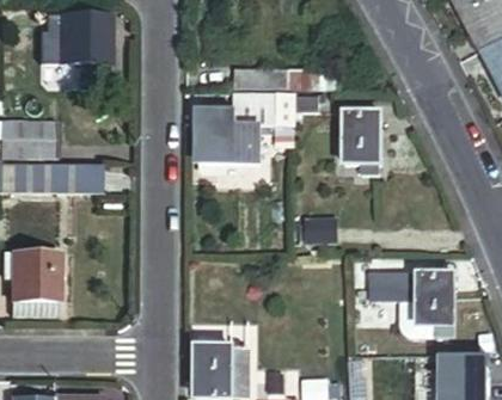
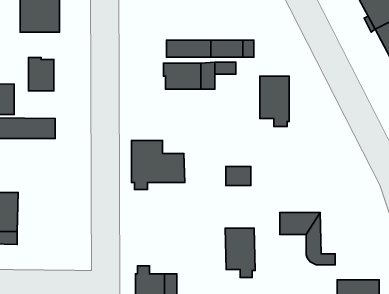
building: none -> [29,58,54,91]
building: [196,113,259,172] -> [132,140,185,190]
building: [417,276,453,334] -> [225,228,255,277]

